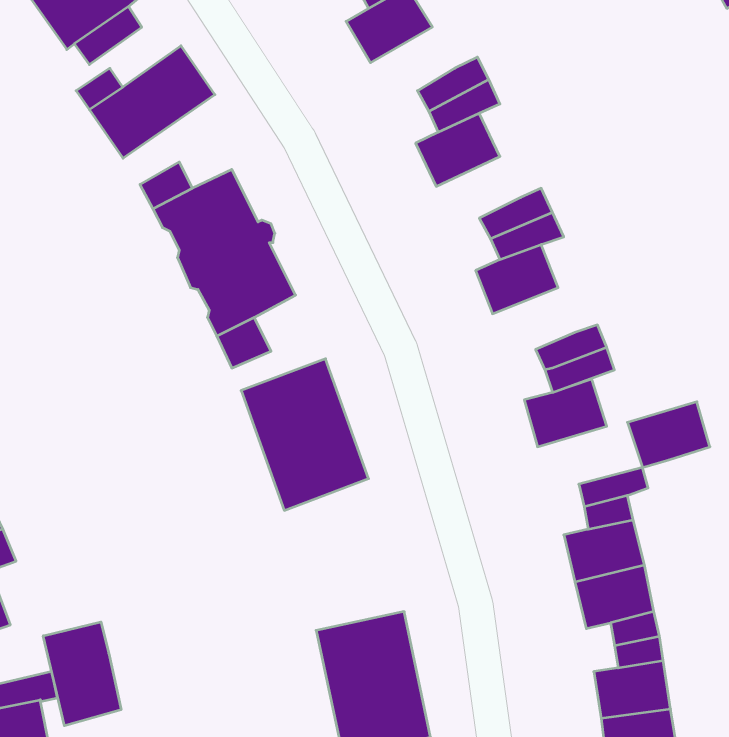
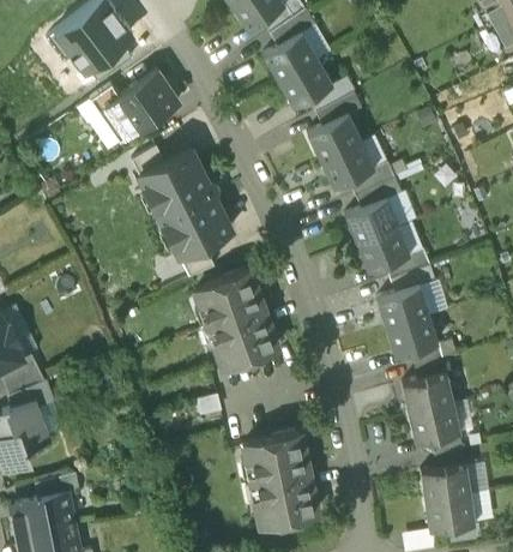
building: none -> [277,58,331,107]
building: none -> [319,140,373,187]
building: none -> [355,224,408,270]
building: [627,402,710,467] -> [384,313,436,355]
building: [43,622,121,726] -> none

